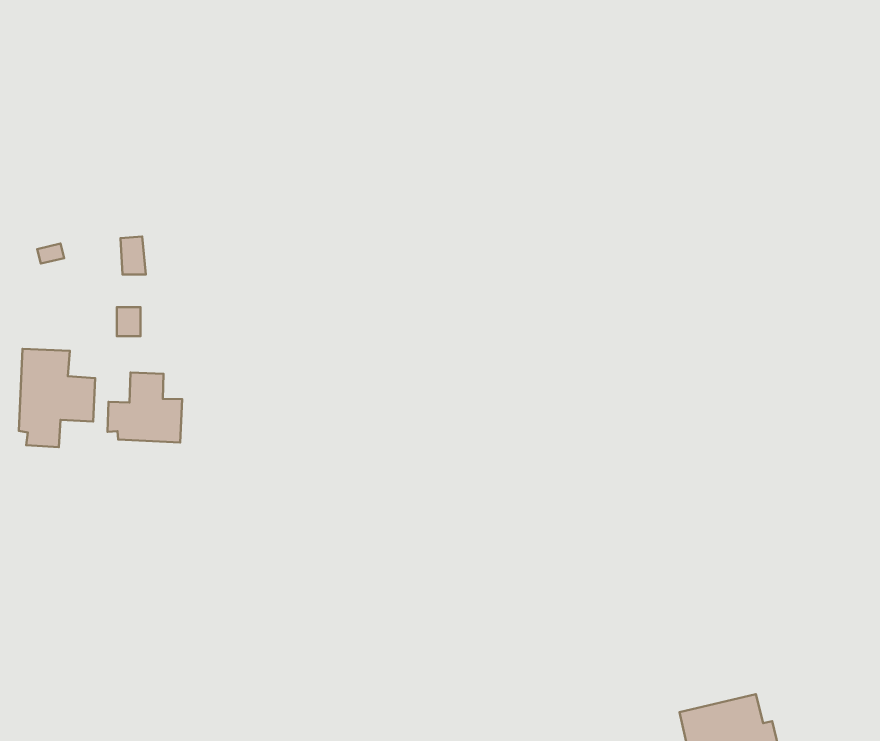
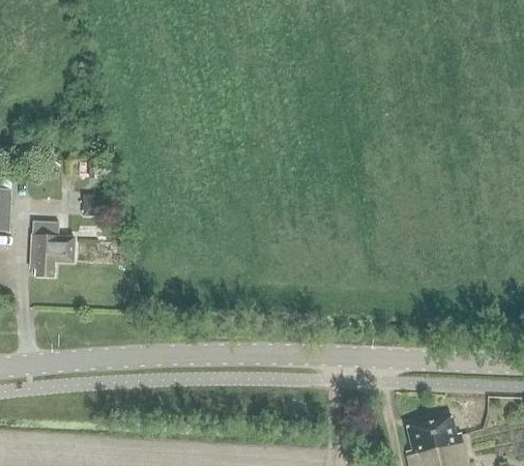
building: [108,372,182,442] -> none

